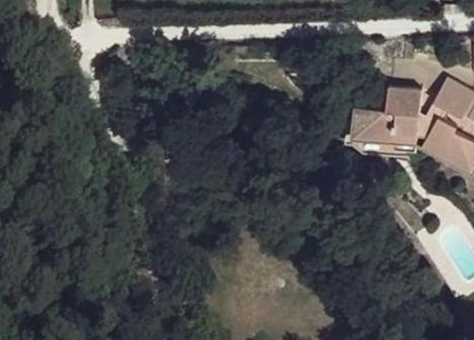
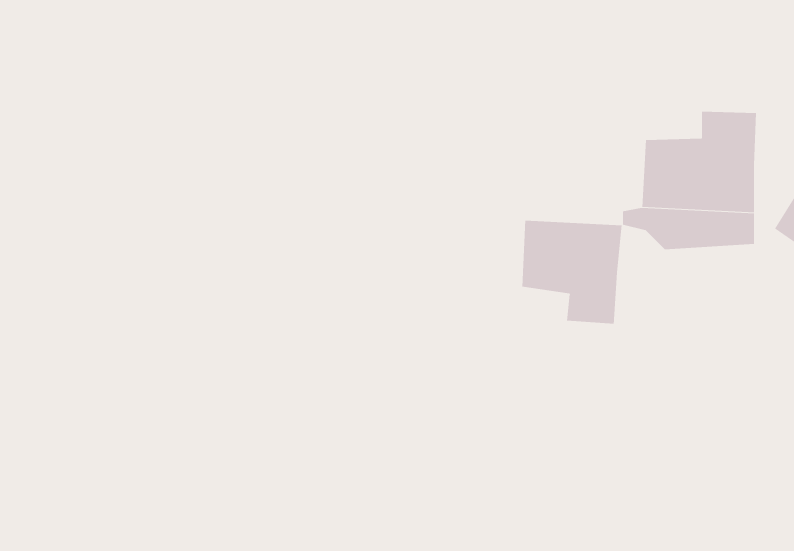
building: none -> [522,220,622,324]

